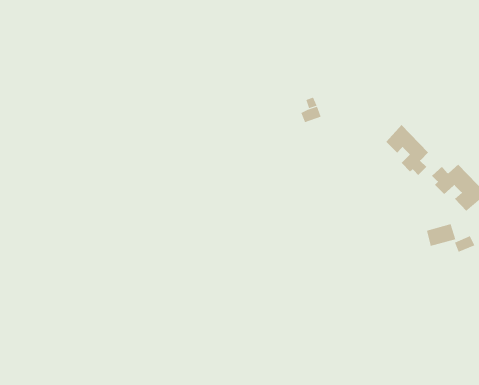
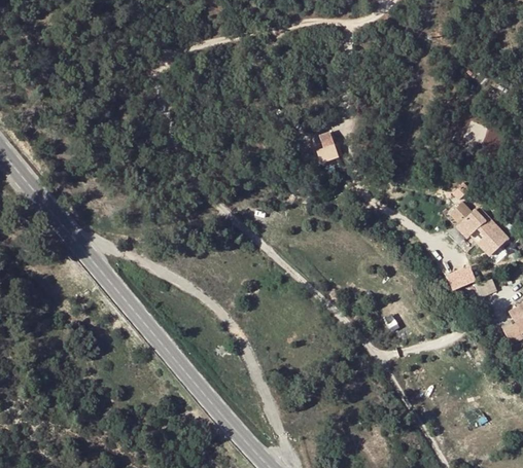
building: [385,124,429,176] -> none

